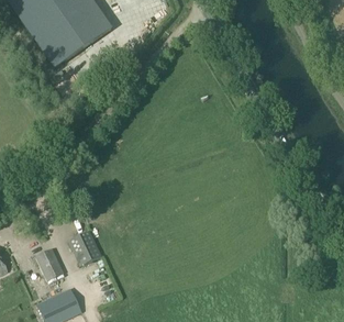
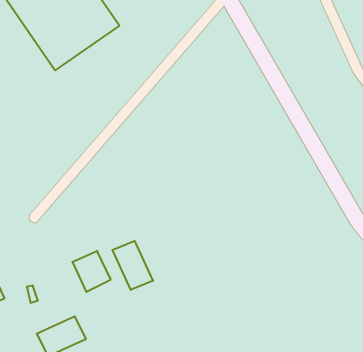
building: none -> [112,241,153,290]
building: [36,247,65,279] -> none

